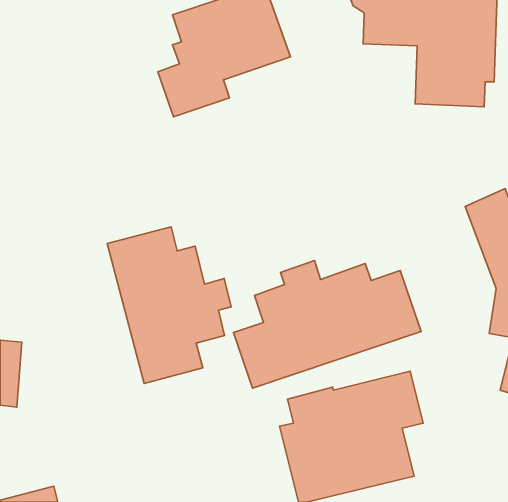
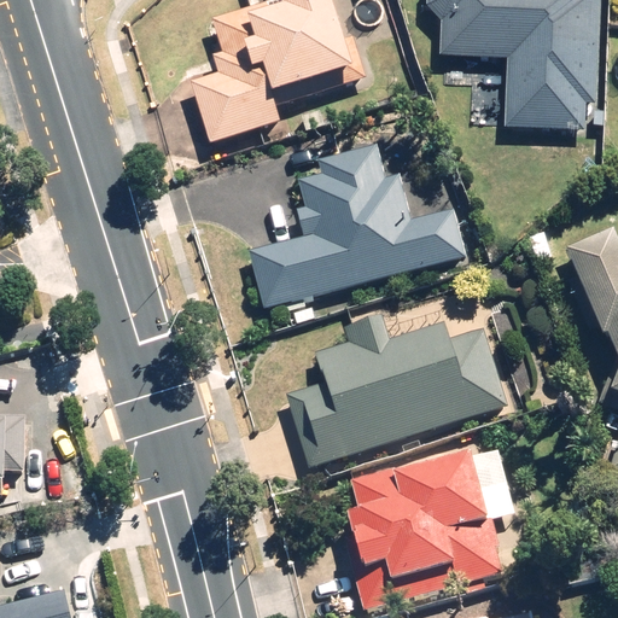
building: none -> [252,141,468,303]
building: [107,227,231,383] -> none

